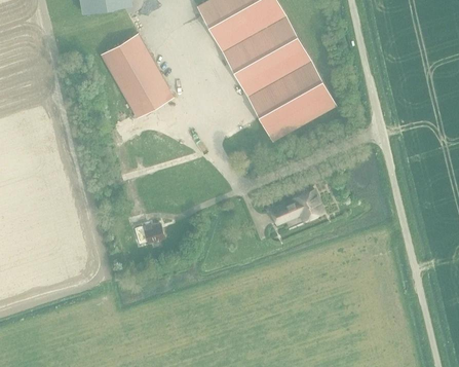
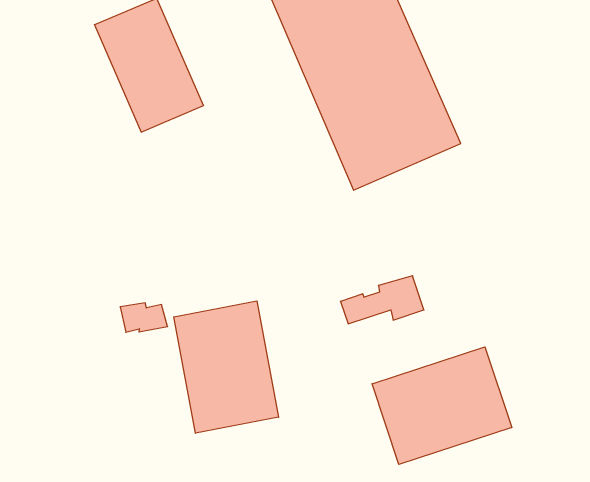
building: none -> [174,301,279,433]
building: none -> [372,347,512,464]

